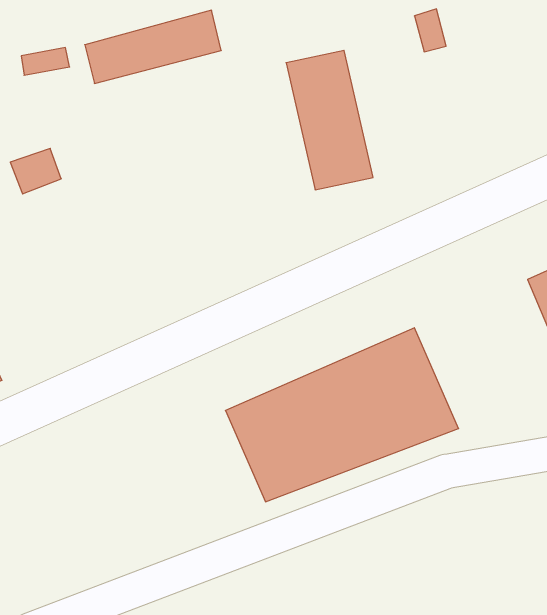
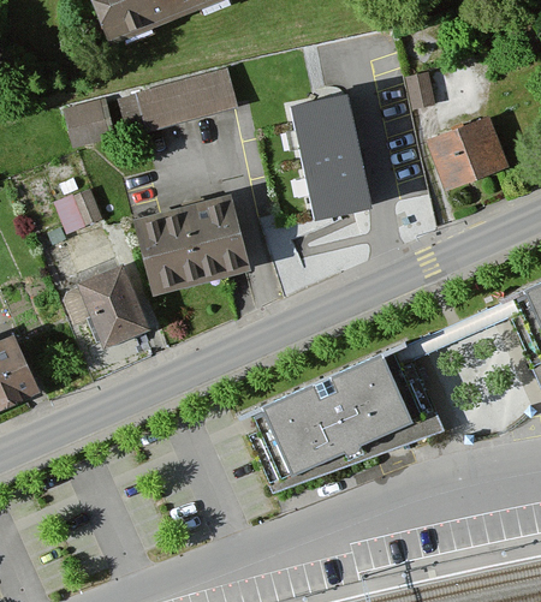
building: none -> [428,112,510,187]
building: none -> [138,191,254,292]
building: none -> [83,264,151,342]

